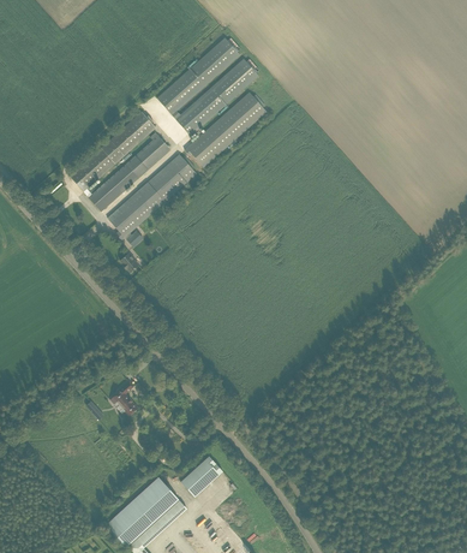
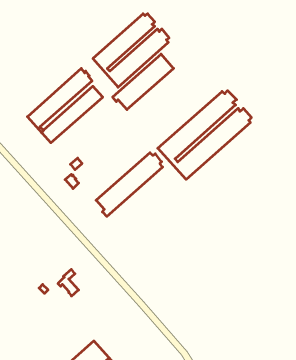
building: none -> [158,91,251,179]
building: [107,154,196,239] -> [96,153,163,216]
building: [182,456,224,495] -> none

